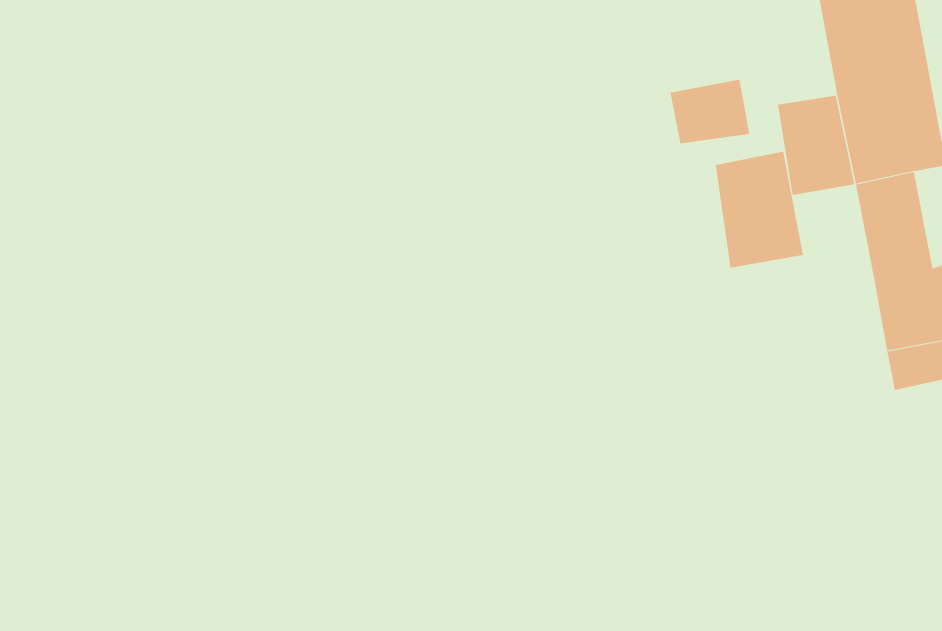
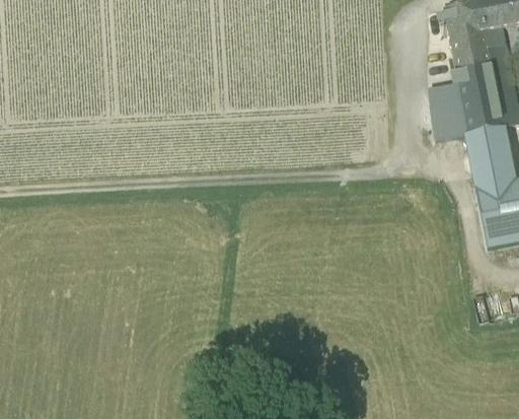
building: [670,79,750,144] -> none
building: [715,151,803,269] -> none

